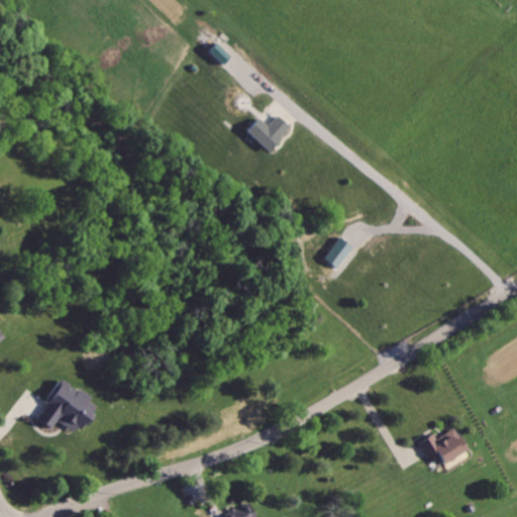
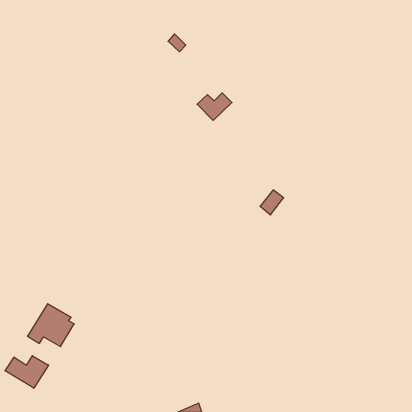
building: [418,429,467,464] -> none
building: none -> [5,356,49,388]

